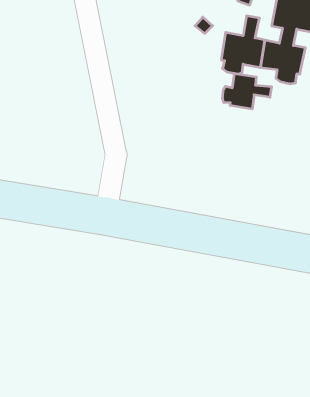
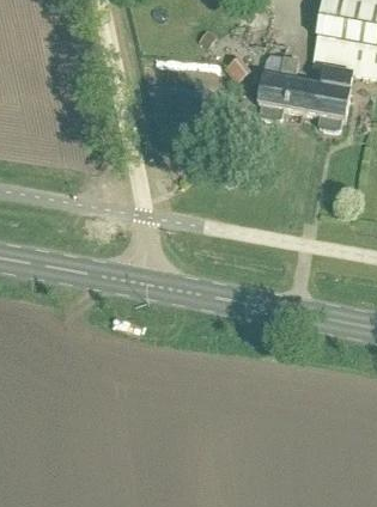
building: [223,73,272,109] -> none

